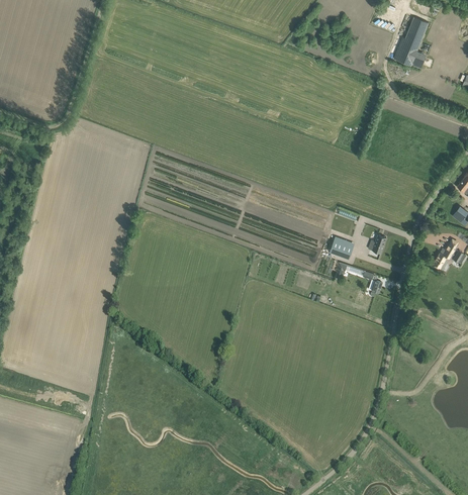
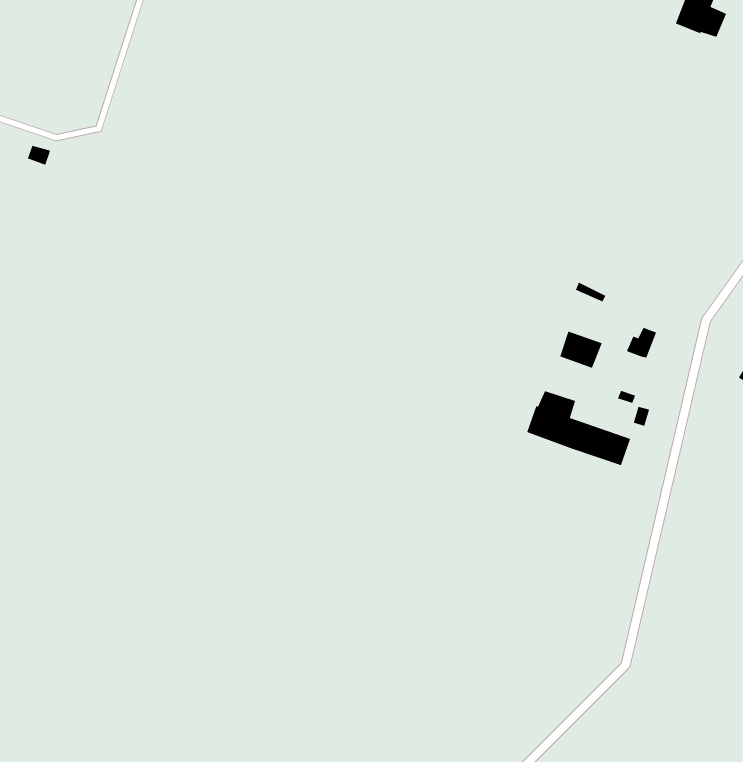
building: none -> [526,390,631,466]

